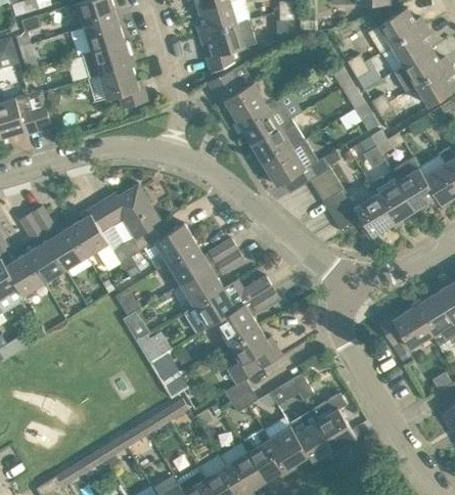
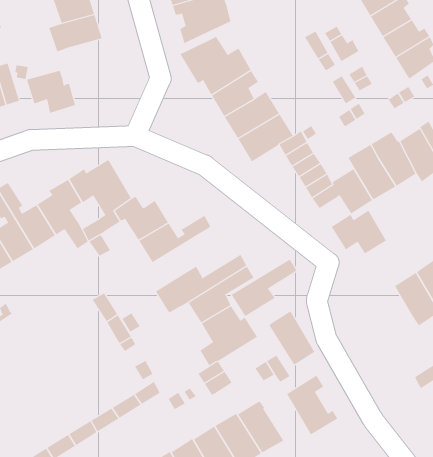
building: [99,68,147,109] -> [26,70,76,114]
building: [180,250,244,306] -> [231,259,298,317]
building: [377,307,431,350] -> [331,210,387,254]
building: [288,411,333,464] -> [269,311,315,366]

